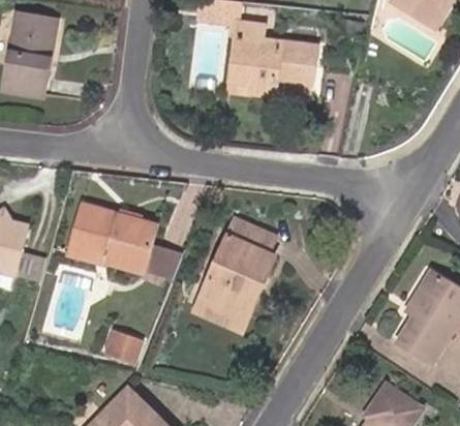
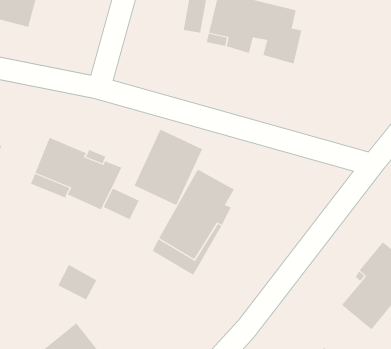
building: none -> [134,129,203,206]

